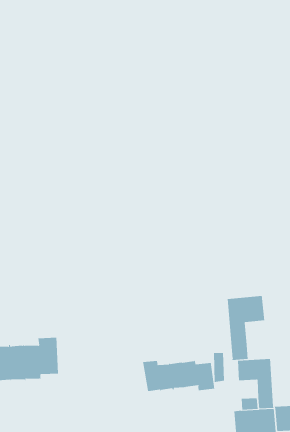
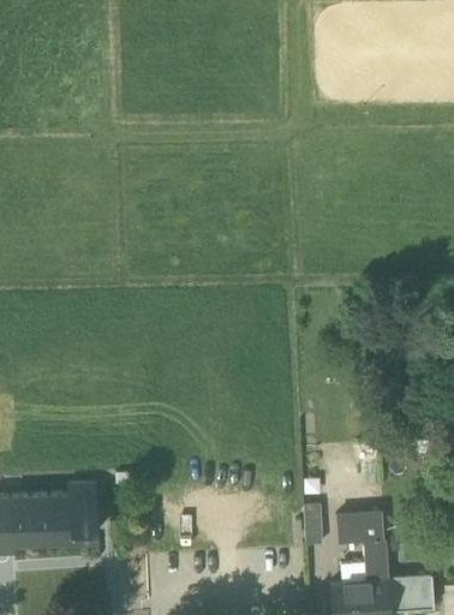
building: [227,295,265,361] -> none
building: [143,360,215,393] -> none

